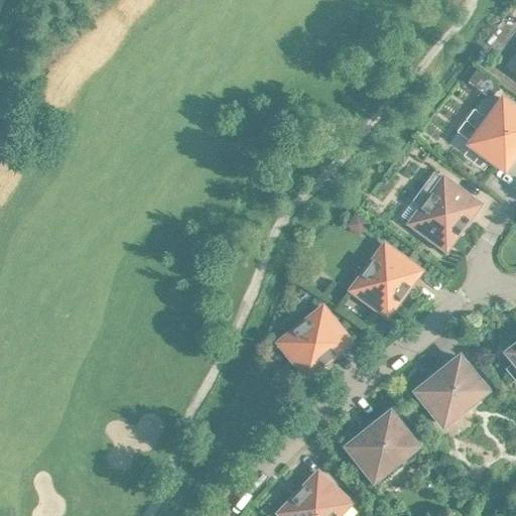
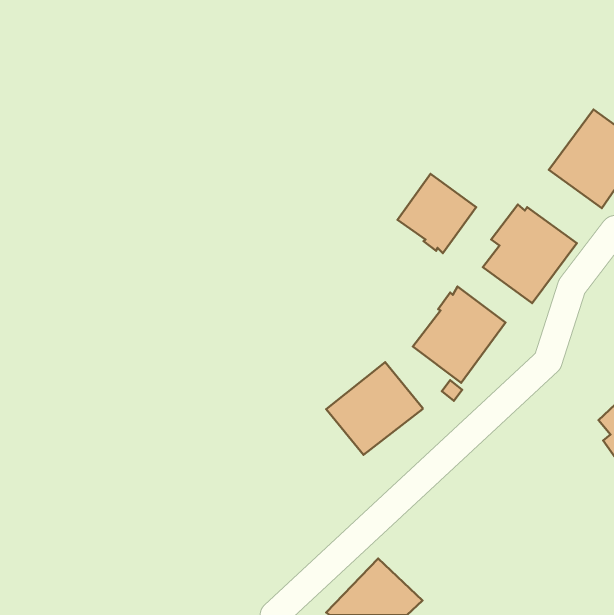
building: none -> [397,174,476,253]
building: [411,351,492,430] -> none
building: [342,406,422,487] -> none

